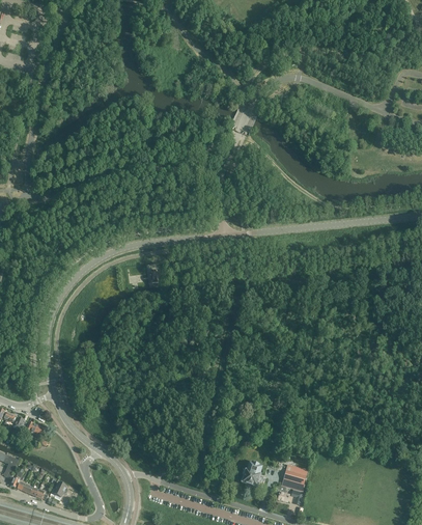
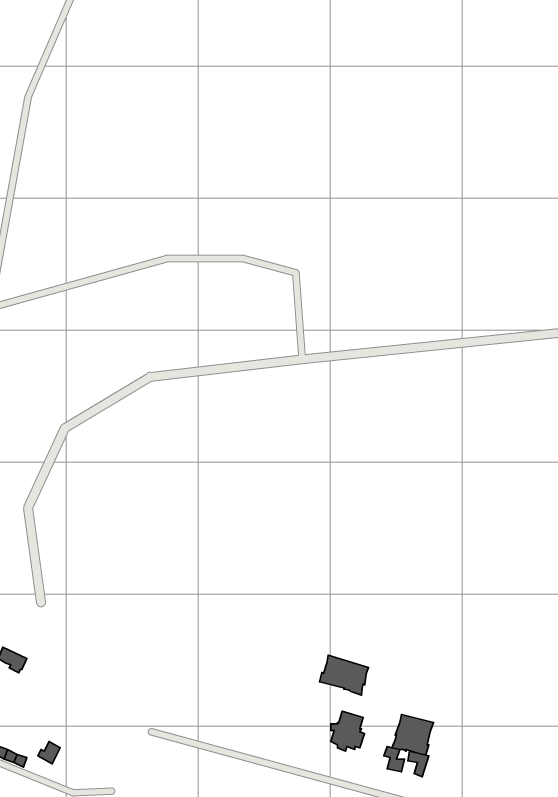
building: none -> [319,655,369,695]

